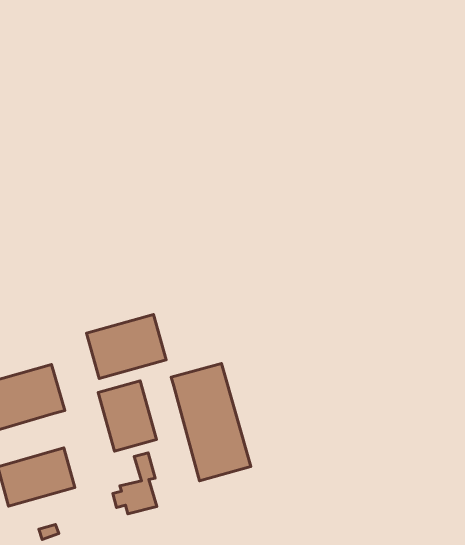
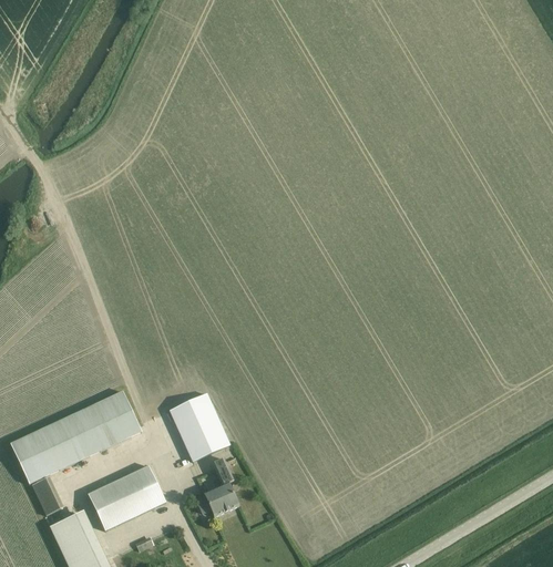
building: [87,314,166,378] -> none
building: [171,364,251,481] -> none

